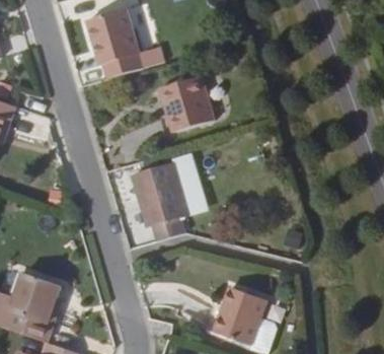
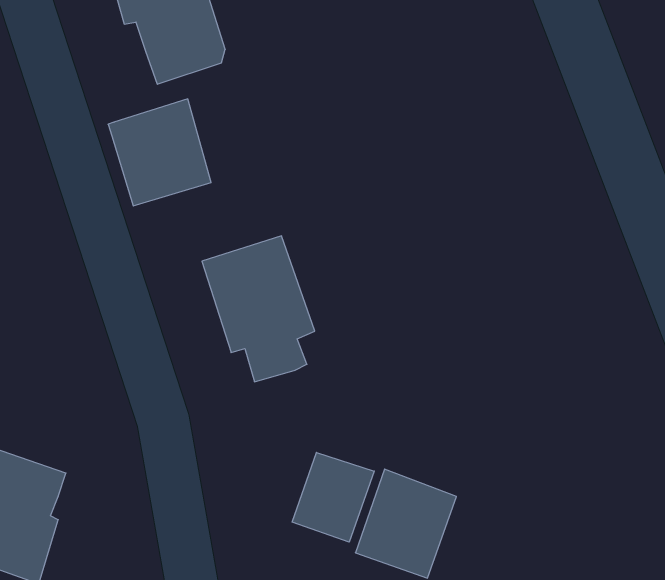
building: [160,75,214,131] -> [108,99,211,206]
building: none -> [292,452,374,542]

